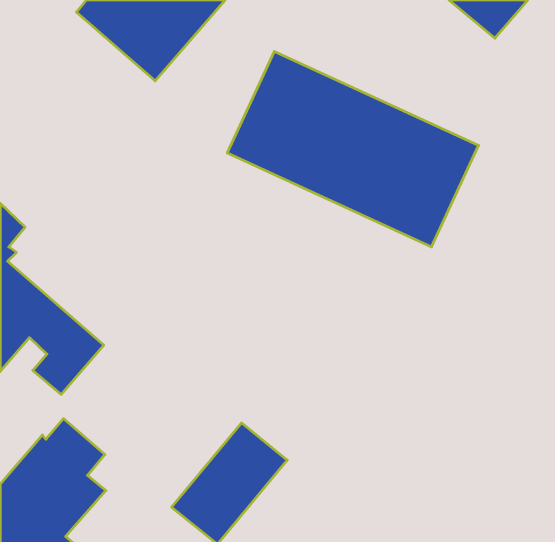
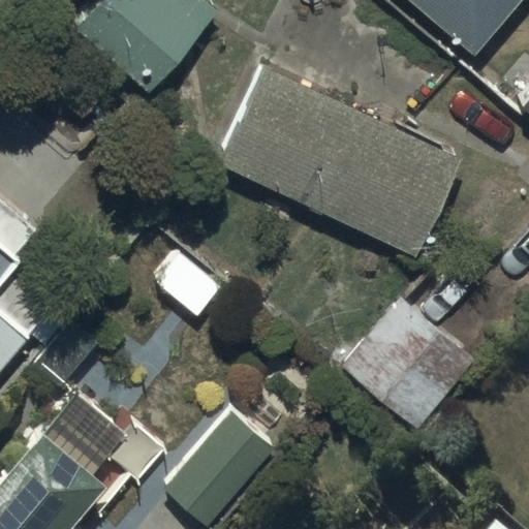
building: none -> [340,295,477,431]

